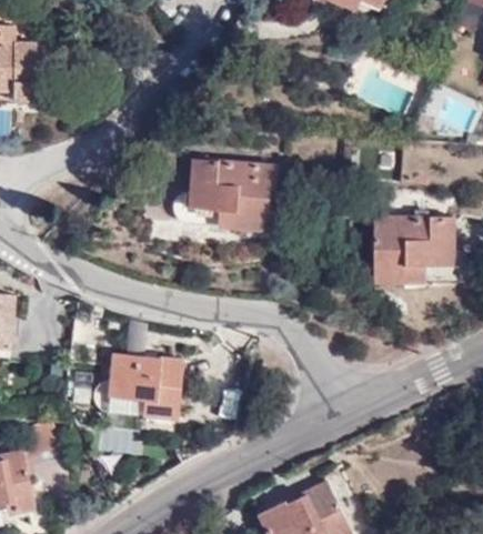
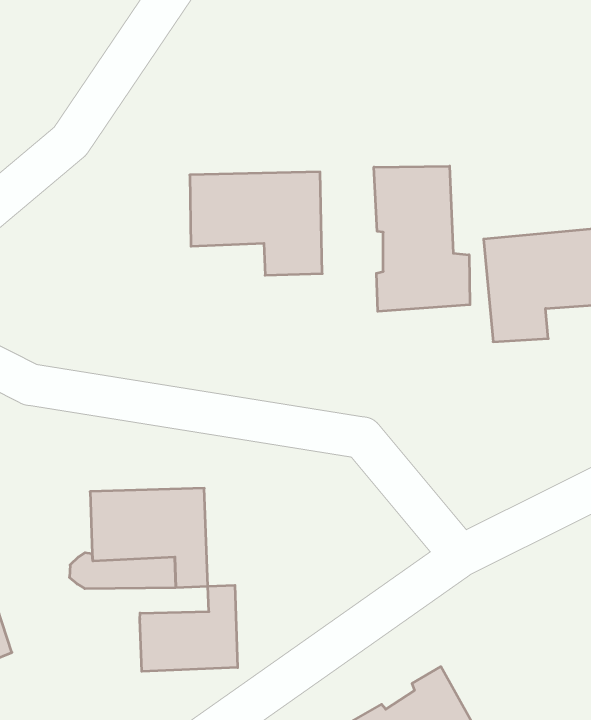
building: none -> [374,166,470,311]
building: none -> [140,585,238,671]

